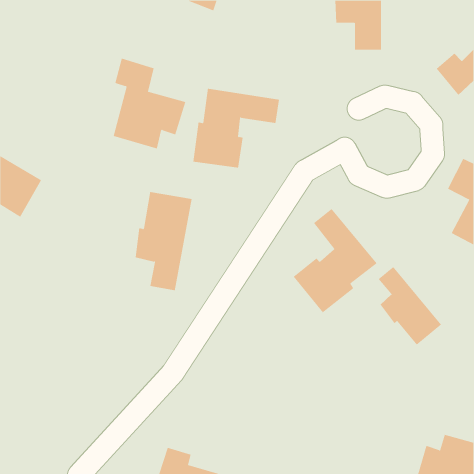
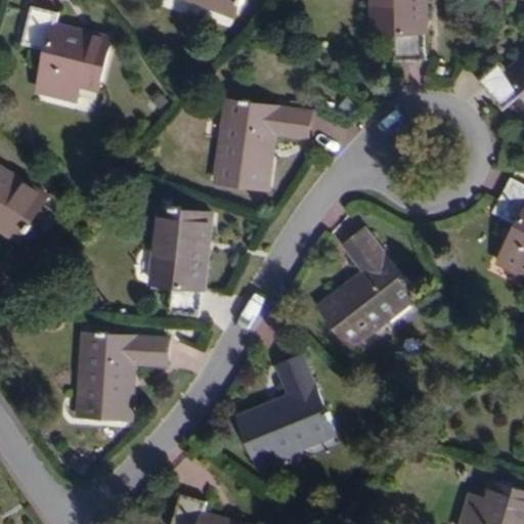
building: [113,58,186,149] -> [38,8,119,108]
building: [378,266,442,346] -> none
building: none -> [72,336,161,422]
building: none -> [244,354,337,465]

